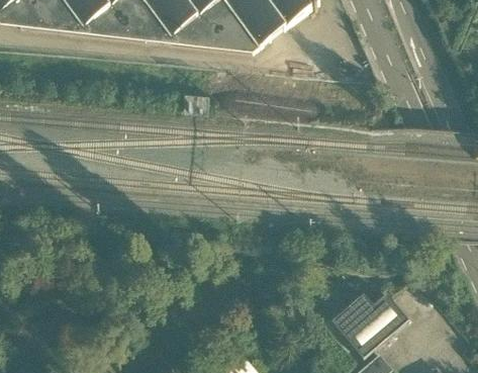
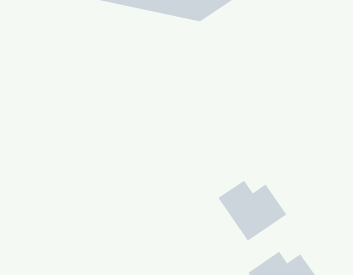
building: none -> [218,180,287,242]

